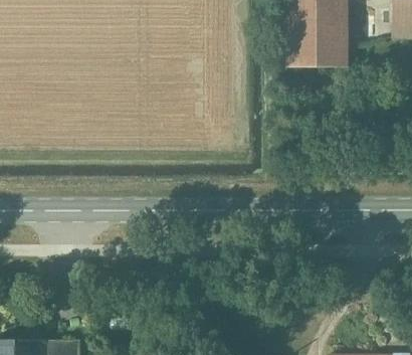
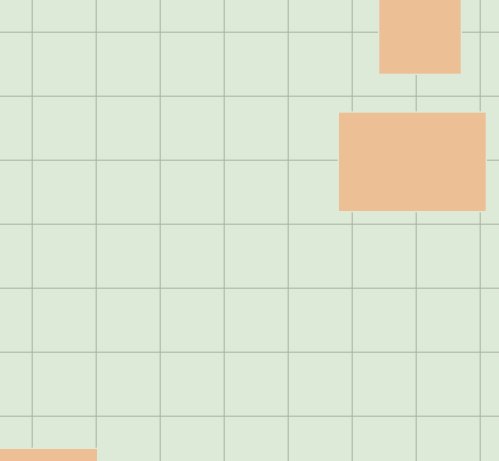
building: none -> [338,112,486,212]

